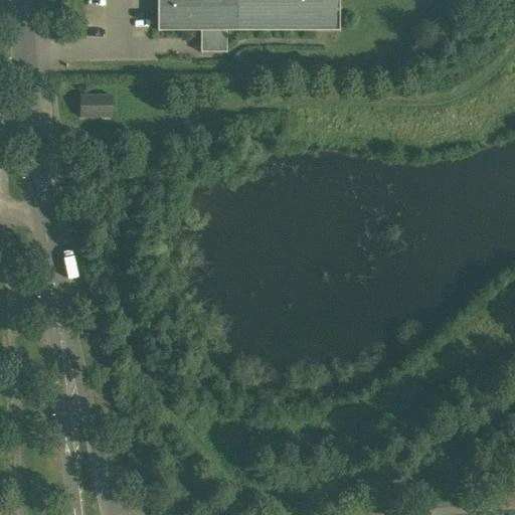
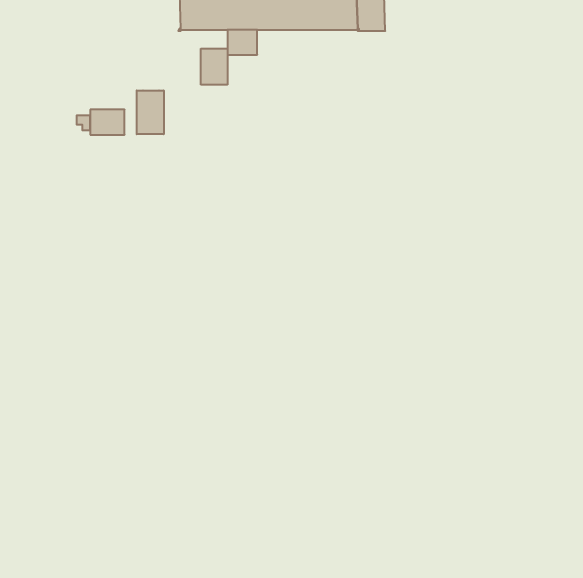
building: none -> [201,49,227,85]
building: none -> [137,90,164,134]

